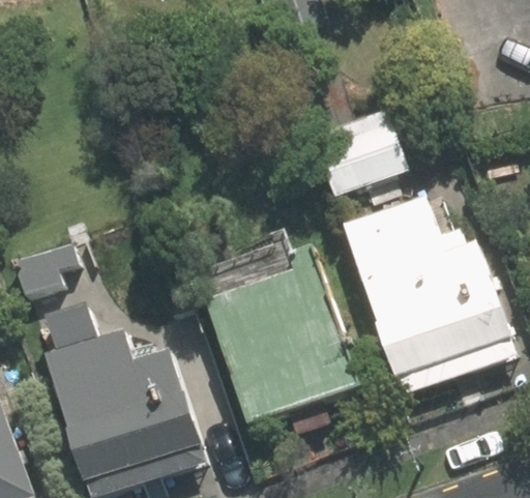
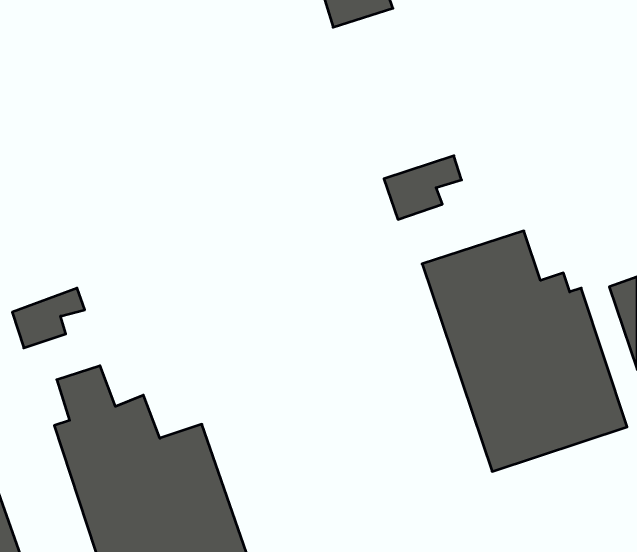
building: [205,244,361,422] -> none

